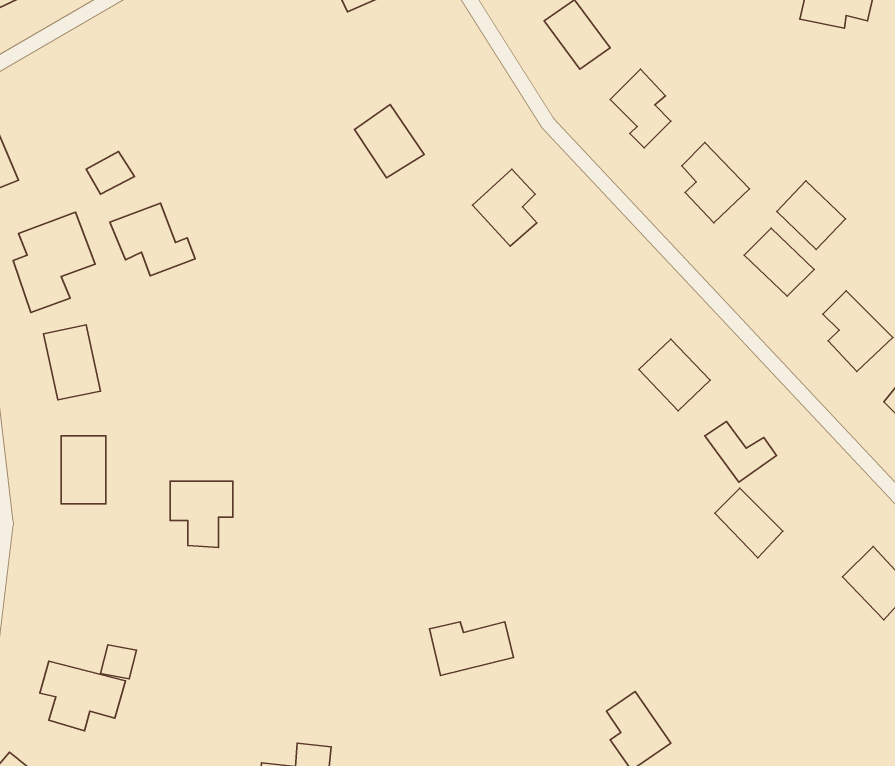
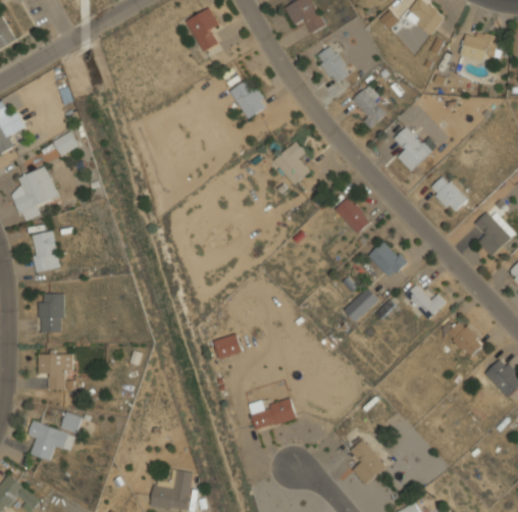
building: [354,104,424,178] -> [228,78,268,119]
building: [777,181,845,250] -> none
building: [110,203,195,276] -> none
building: none -> [333,197,371,235]
building: none -> [343,287,379,323]
building: [170,481,233,547] -> [37,353,72,391]
building: [715,488,783,558] -> [445,319,483,359]
building: none -> [213,334,242,360]

